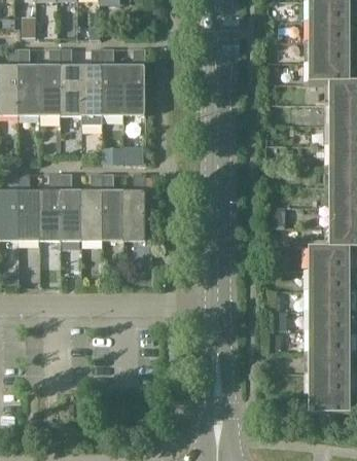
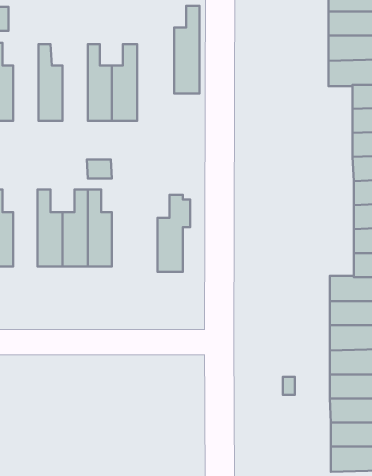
building: [39,48,61,114] -> none
building: [81,48,103,123] -> [174,6,199,94]
building: [39,173,60,239] -> none
building: [123,173,151,239] -> [158,195,190,272]

